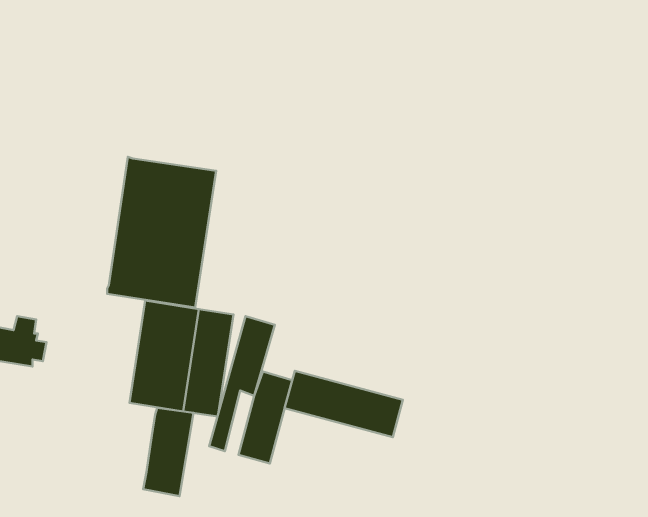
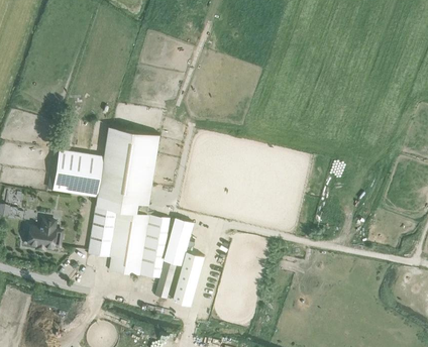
building: none -> [54,148,103,197]
building: [285,371,403,437] -> none
building: [143,408,193,496] -> [88,207,117,258]

